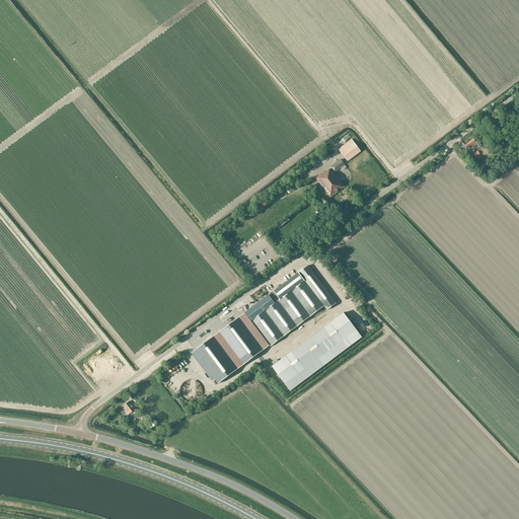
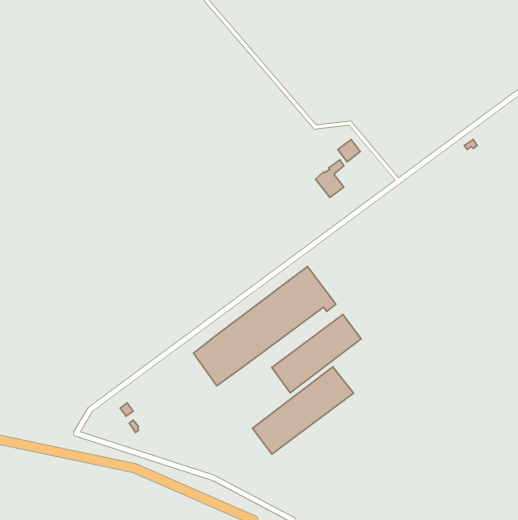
building: none -> [252,367,354,454]

